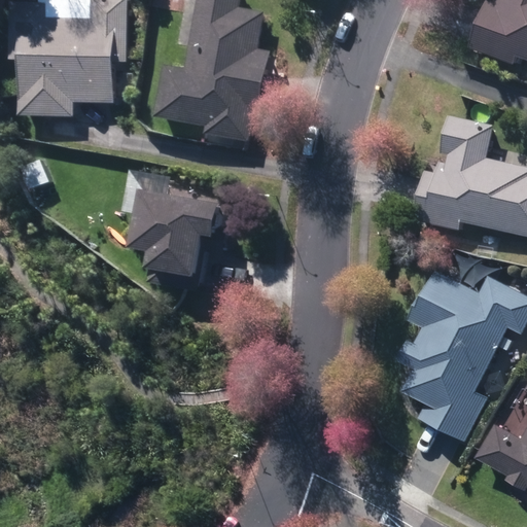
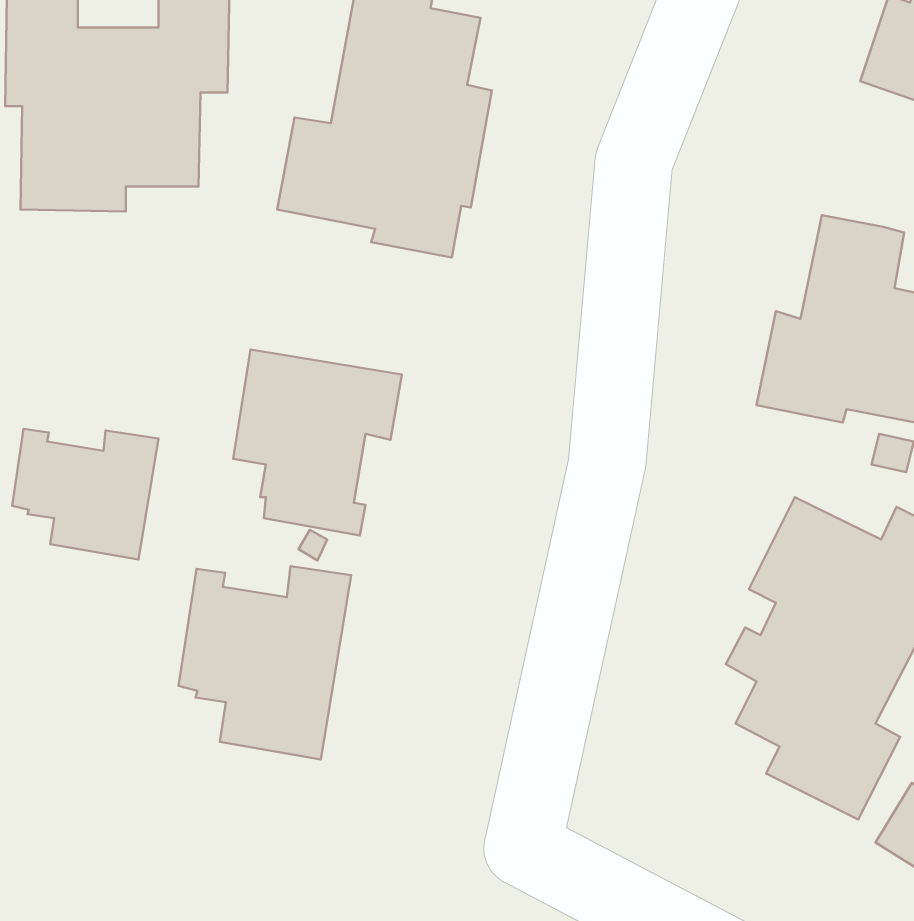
building: none -> [12,429,159,559]
building: none -> [178,566,351,759]

